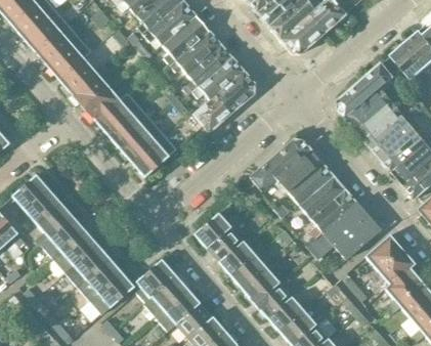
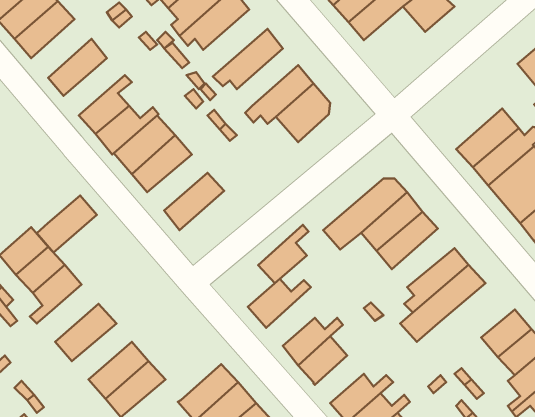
building: [279,13,325,53] -> none
building: [162,15,209,64] -> none
building: [36,23,80,66] -> none
building: [183,44,231,94] -> none
building: [59,58,95,92] -> none
building: [339,62,396,118] -> none
building: [193,94,231,132] -> none
building: [121,122,165,163] -> none
building: [300,176,346,219] -> none
building: [334,216,380,259] -> none
building: [41,217,85,259] -> [37,195,97,253]
building: [208,219,245,262] -> [258,225,308,283]
building: [66,246,110,287] -> none
building: [136,259,175,302] -> none
building: [244,261,282,304] -> none

